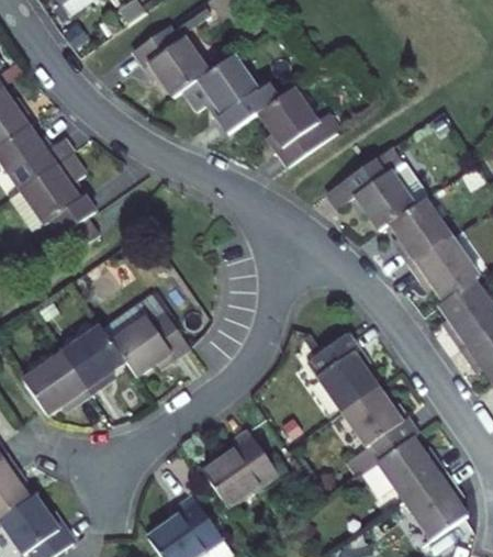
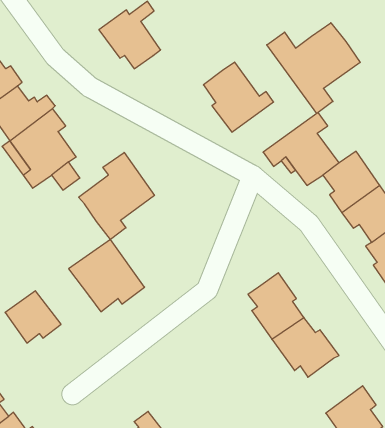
building: none -> [267,23,360,113]
building: [194,56,274,135] -> none
building: none -> [79,152,154,240]
building: [58,325,121,392] -> none
building: [201,426,277,505] -> none
building: [352,432,437,495] -> none

